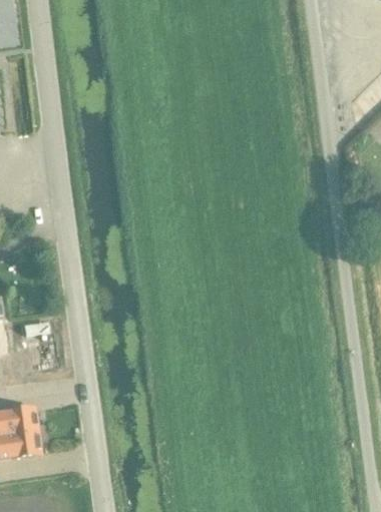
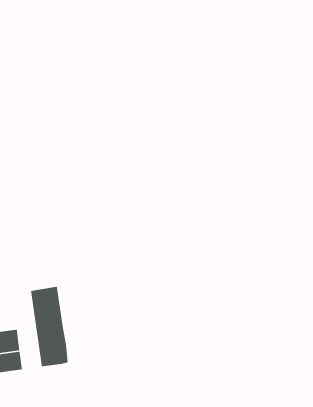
building: none -> [30,286,69,367]

